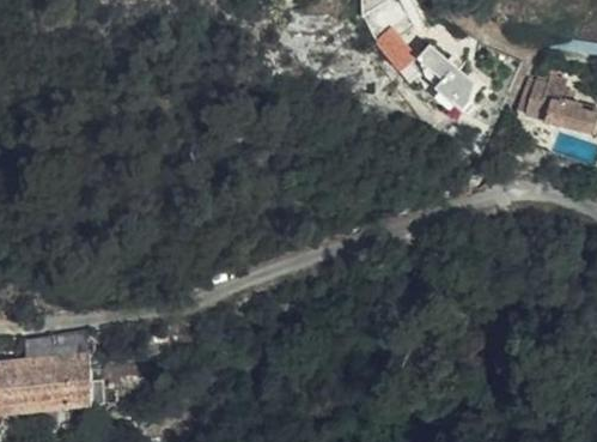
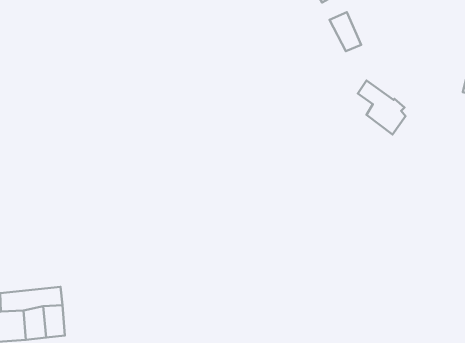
building: [428,59,481,119] -> [358,80,405,134]

